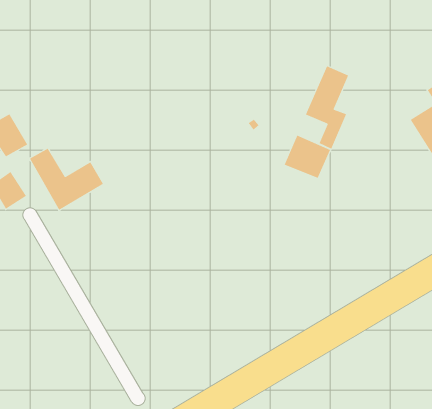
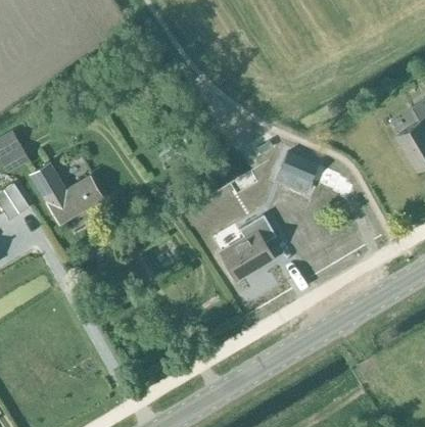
building: [305,66,349,149] -> none
building: none -> [220,217,275,280]

